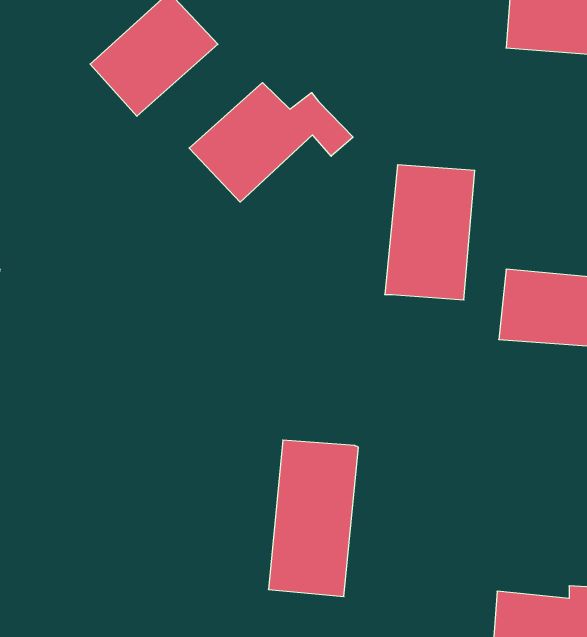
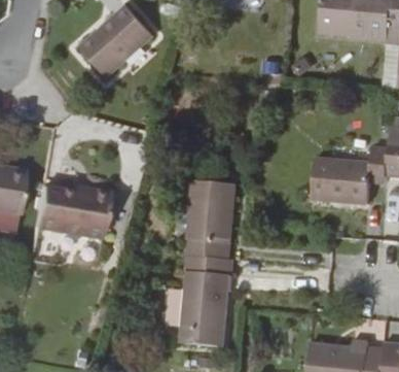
building: [189,83,353,202] -> none
building: [385,165,475,300] -> [185,183,237,261]
building: none -> [33,178,107,231]

